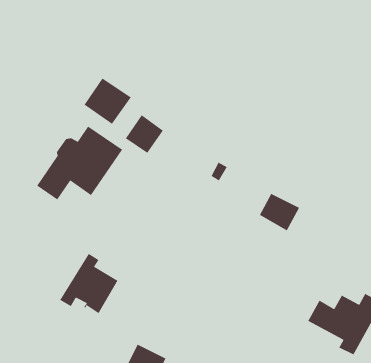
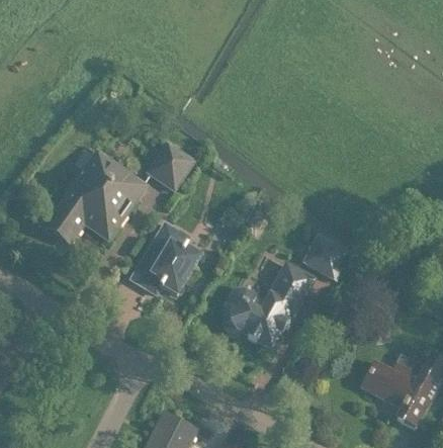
building: [83,78,132,125] -> none
building: none -> [225,262,315,347]
building: [59,253,119,314] -> [130,221,200,293]

